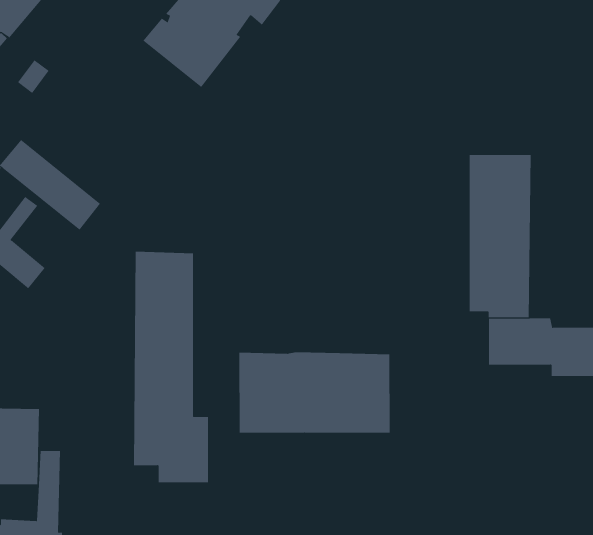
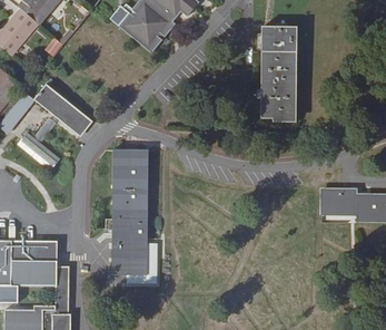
building: [469,154,531,318] -> [261,26,298,122]
building: [239,351,390,433] -> none

